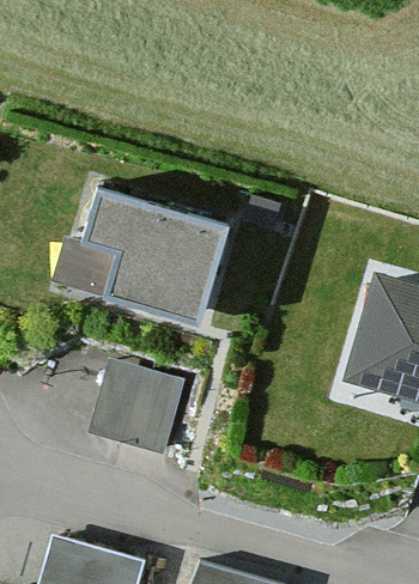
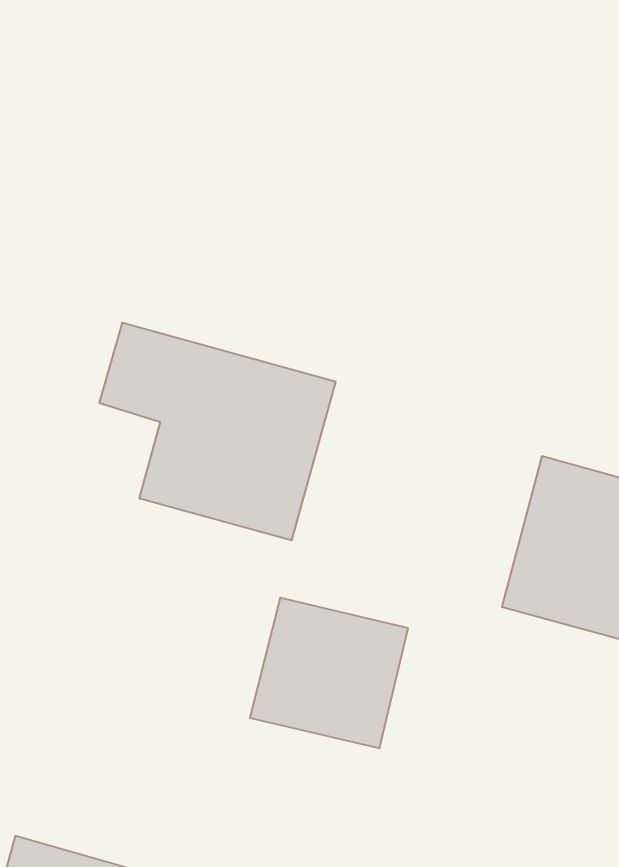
building: [80,348,180,443] -> [250,598,408,748]

